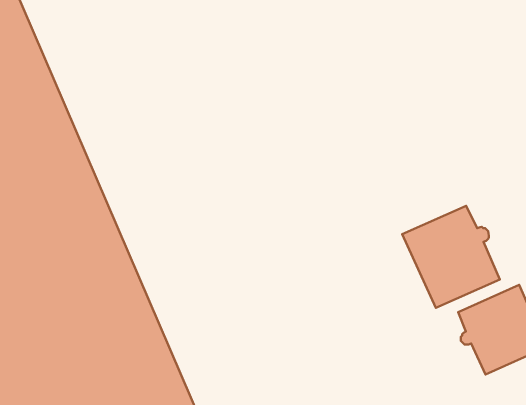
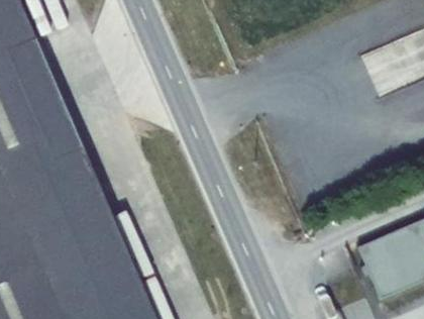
building: [402,206,500,308] -> none

